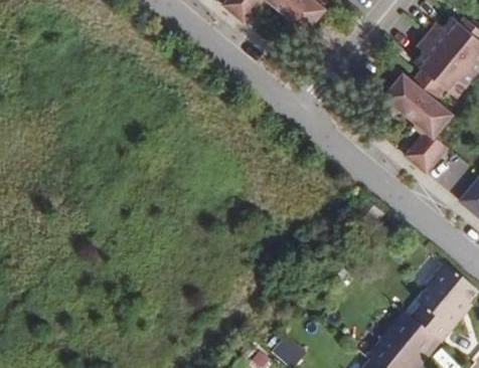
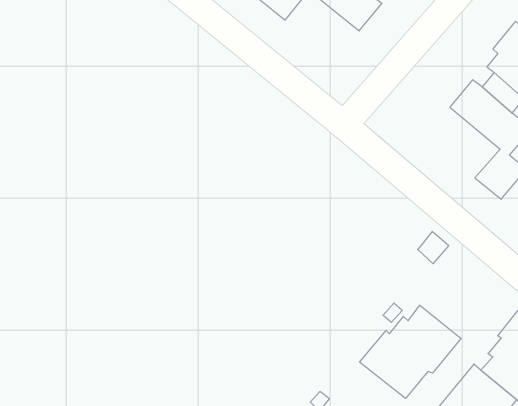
building: none -> [360,305,461,398]

